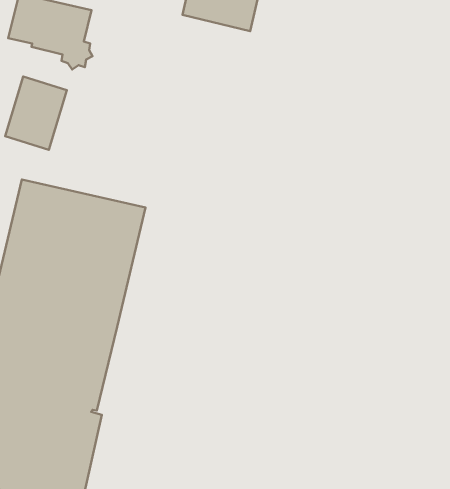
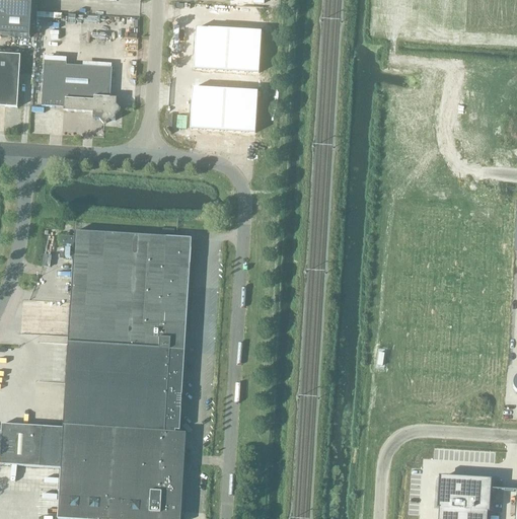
building: none -> [191,78,257,122]
building: [5,76,67,150] -> none

